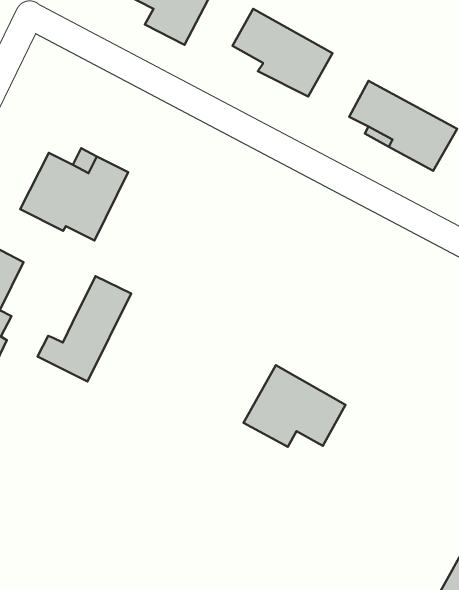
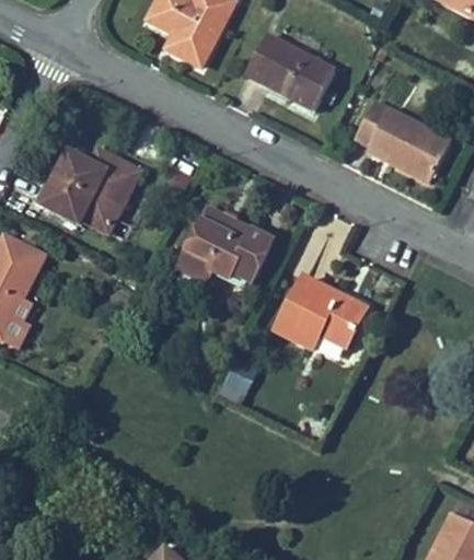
building: none -> [176,199,279,284]
building: [38,276,131,381] -> none
building: [244,365,346,447] -> [273,277,366,351]

